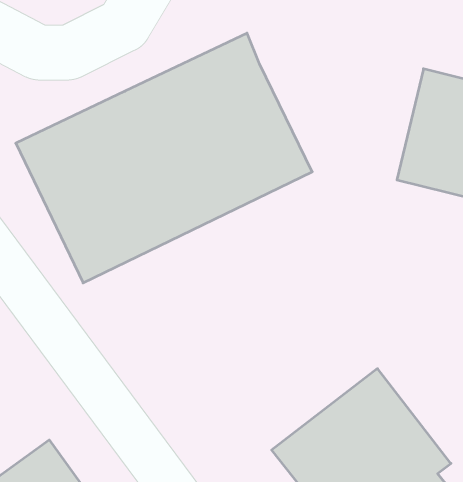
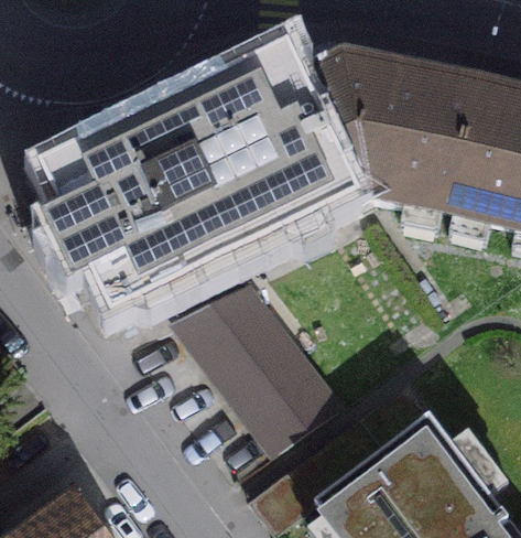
building: none -> [296,52,474,200]
building: none -> [174,278,333,441]

